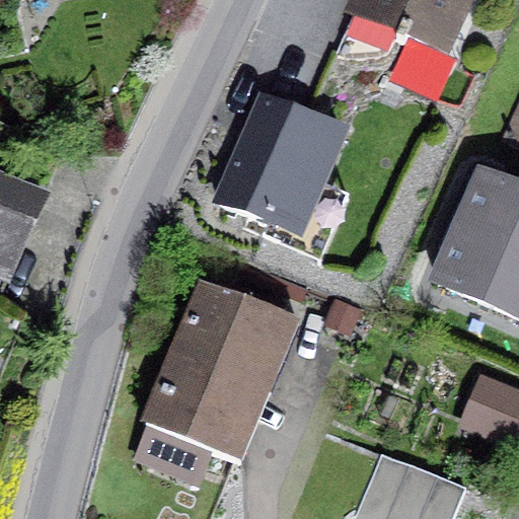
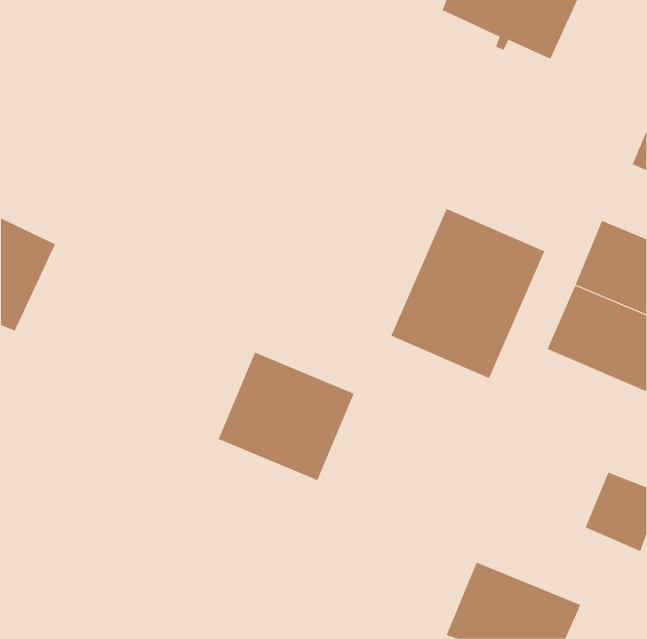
building: [219,96,343,233] -> [391,208,545,379]
building: [145,352,254,456] -> none

